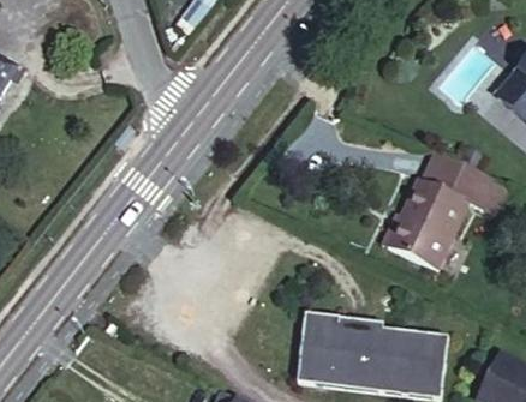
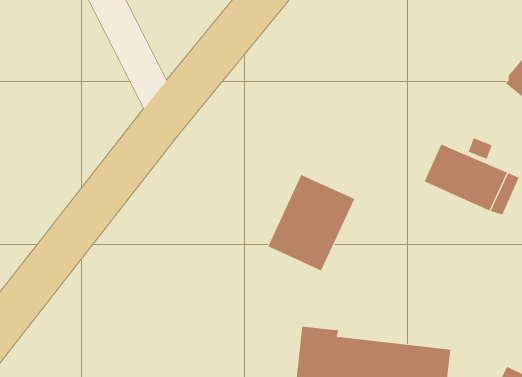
building: [387,178,468,268] -> [267,174,355,271]

